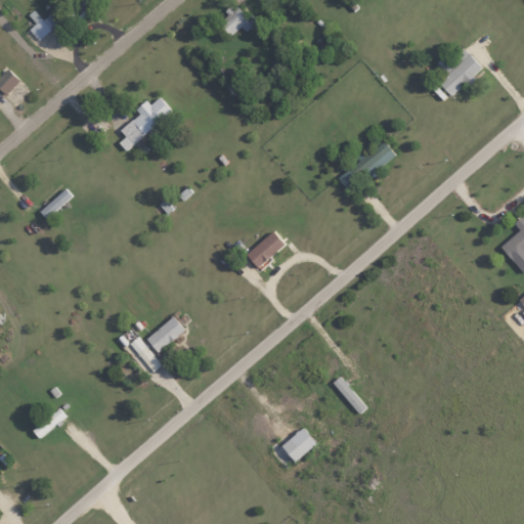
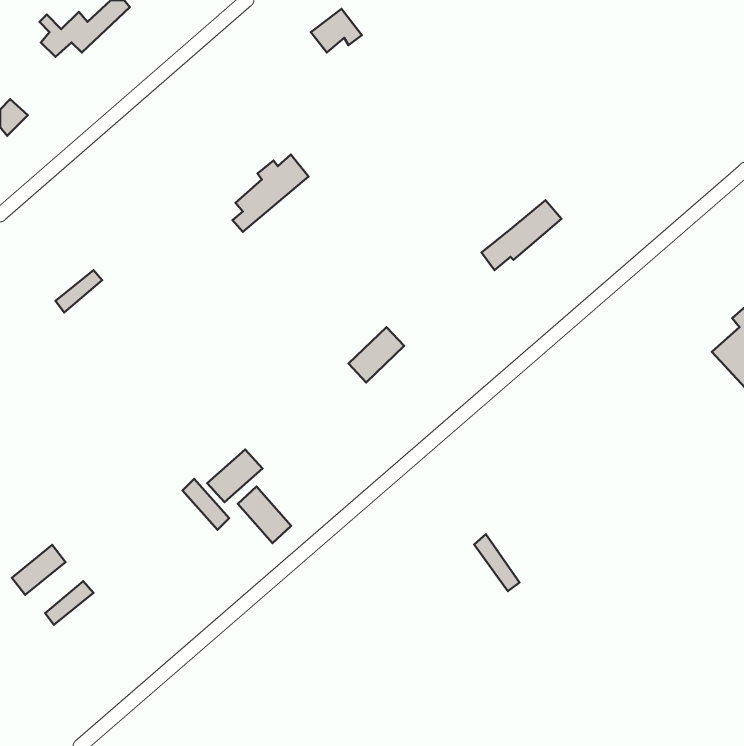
building: [440,47,482,95] -> none
building: [119,96,172,150] -> [233,155,308,232]
building: none -> [238,487,291,543]
building: none -> [12,545,65,595]
building: [281,428,316,461] -> none

